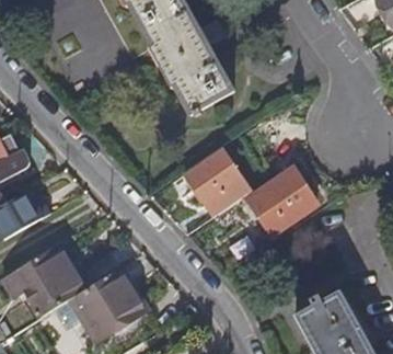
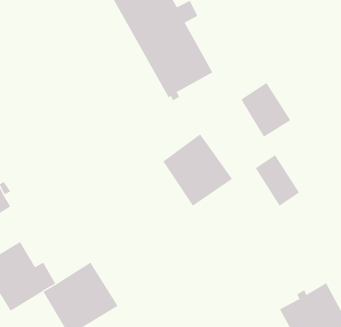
building: [247,181,296,233] -> [240,82,291,138]

